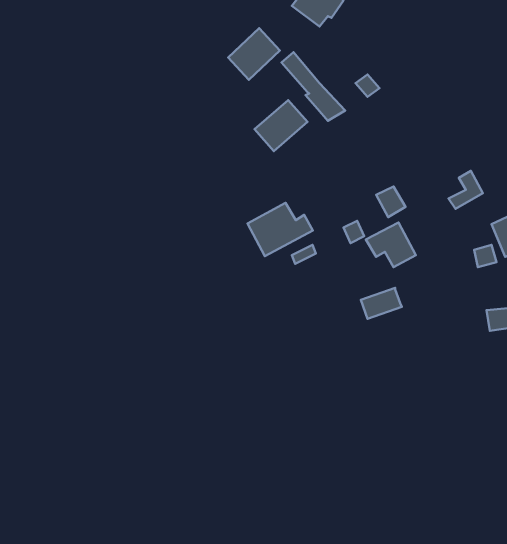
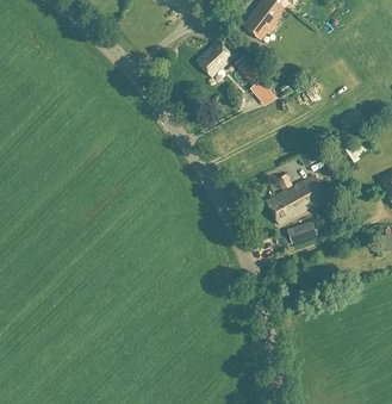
building: [254,100,308,151] -> none
building: [248,203,313,256] -> [266,187,311,224]

